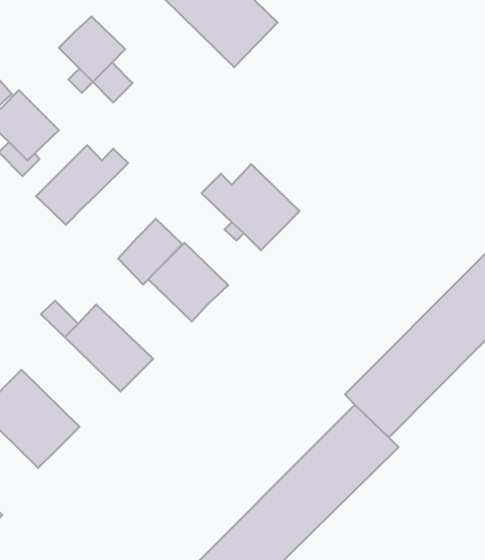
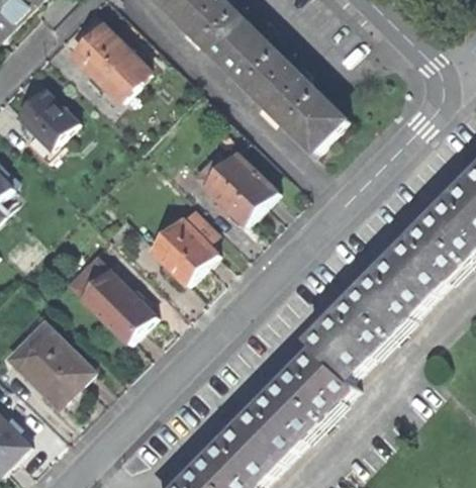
building: none -> [220,30,345,152]
building: [36,145,128,225] -> none
building: [118,219,182,284] -> none

